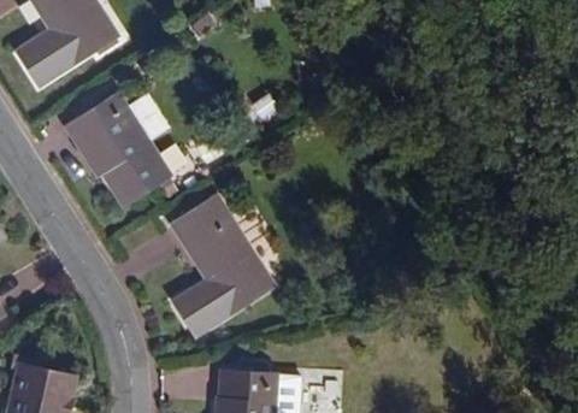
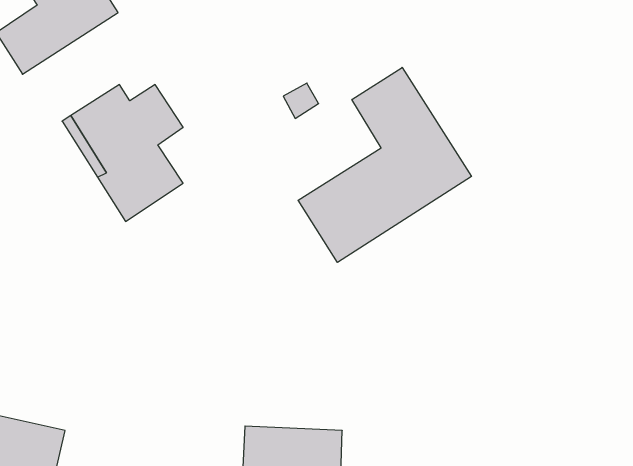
building: none -> [298,67,471,262]
building: [171,197,273,338] -> none

